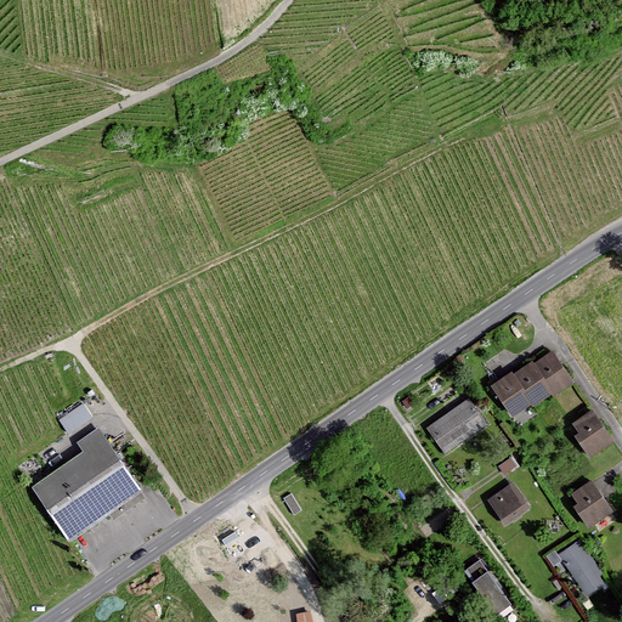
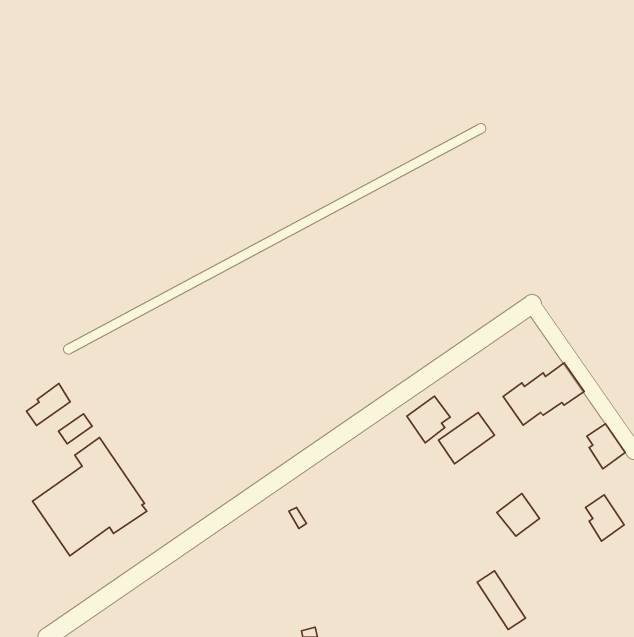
building: none -> [26,384,70,425]
building: none -> [407,396,450,443]
building: [544,539,607,598] -> none

